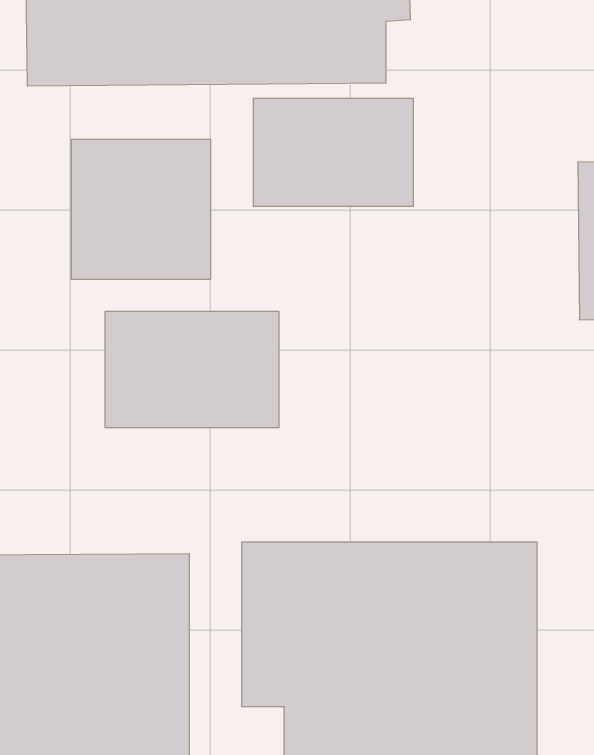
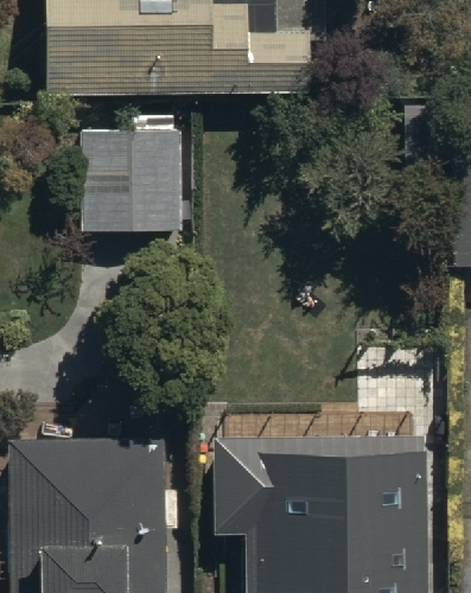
building: [254,98,413,207] -> none
building: [105,311,279,428] -> none

